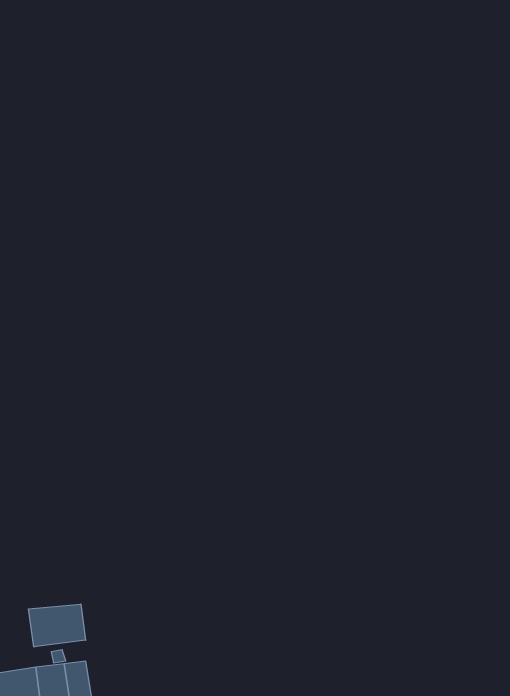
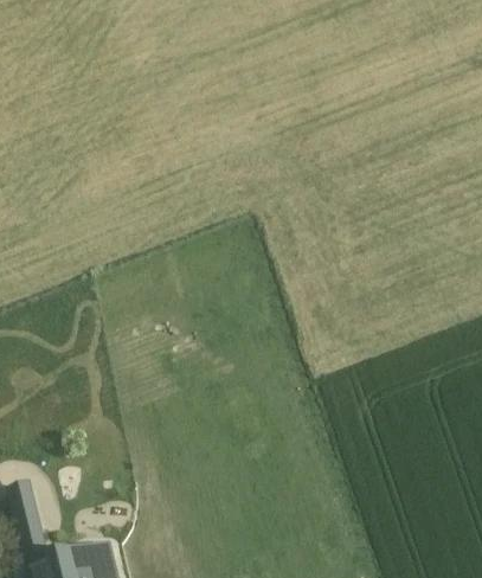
building: [29,604,86,647] -> none

